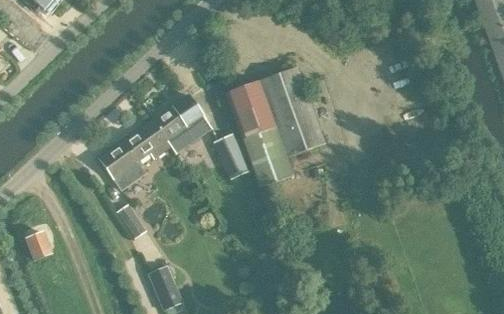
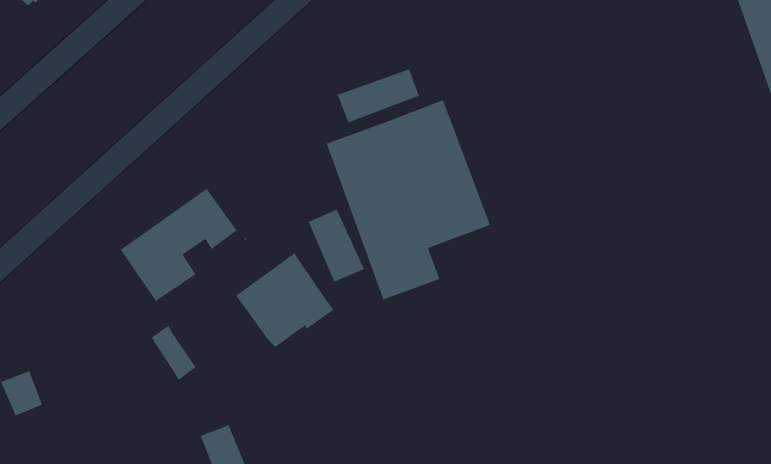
building: none -> [337,69,420,123]
building: [153,94,213,152] -> [236,253,334,347]

